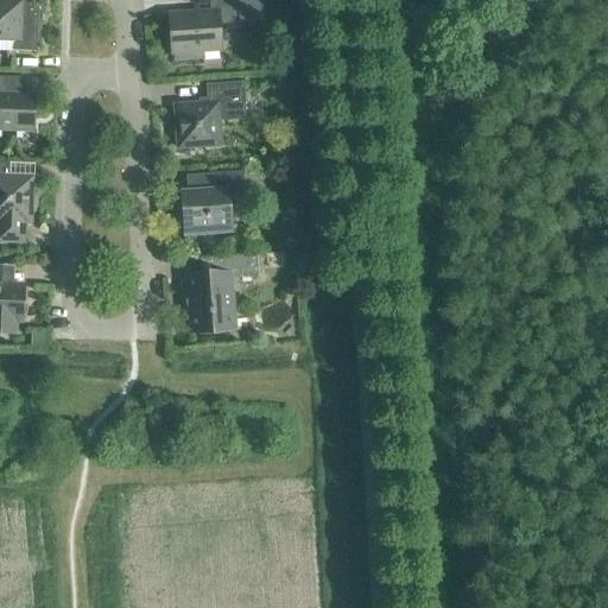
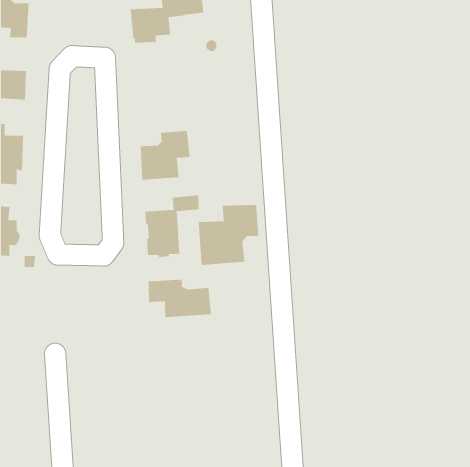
building: [175,80,246,146] -> none
building: none -> [198,204,259,266]
building: none -> [148,279,211,318]

